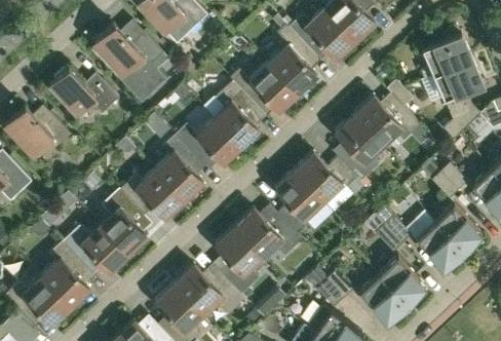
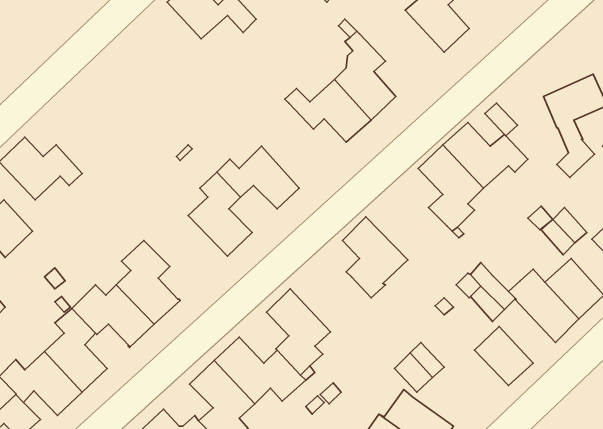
building: [287,8,354,60] -> none
building: [93,25,162,93] -> none
building: [420,27,471,80] -> none
building: [48,68,118,114] -> none
building: [210,81,259,148] -> none
building: [293,152,356,204] -> none
building: [119,169,184,220] -> none
building: [233,209,302,261] -> none
building: [358,275,404,321] -> none

